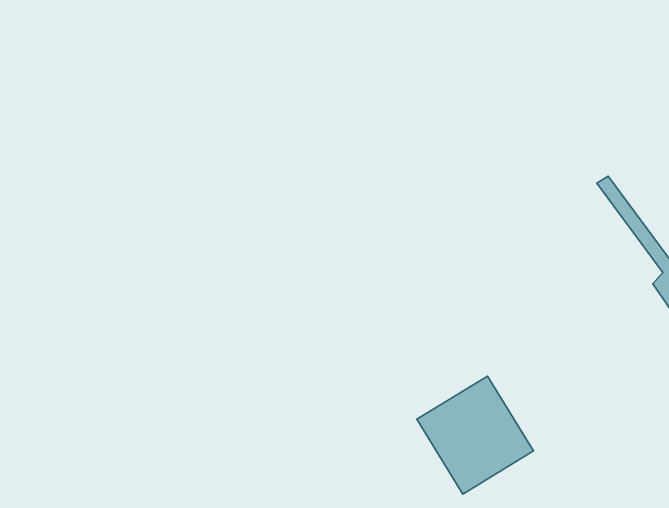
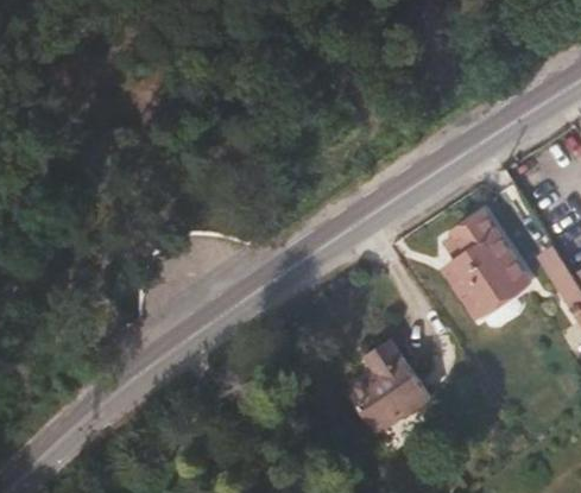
building: none -> [459,217,525,297]

